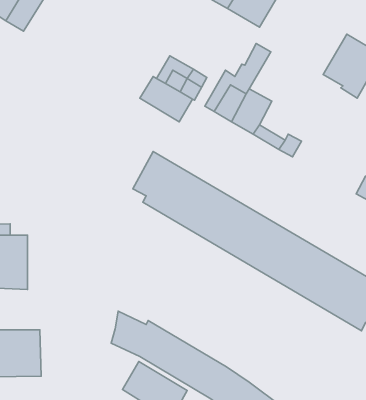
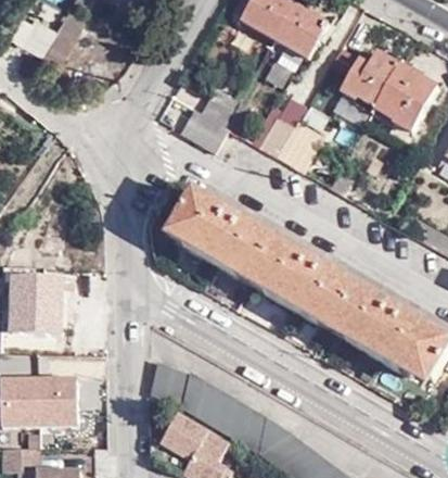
building: none -> [336,49,397,105]

